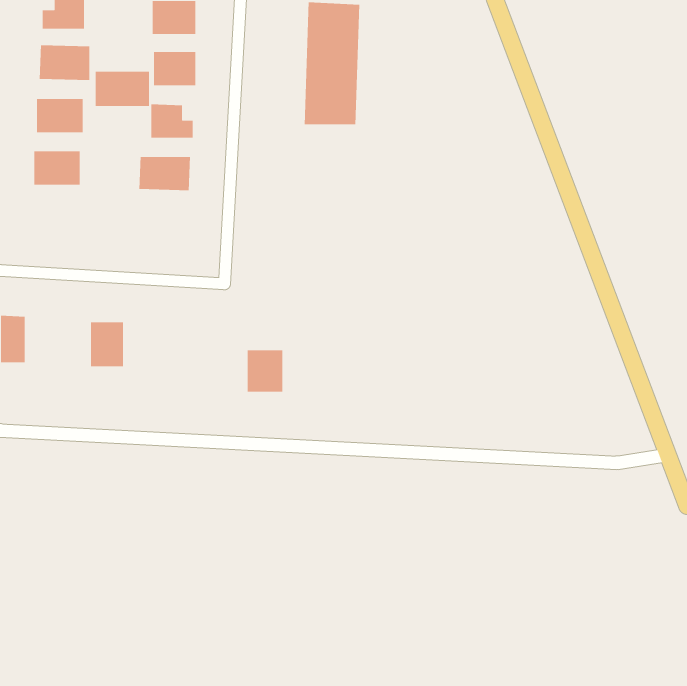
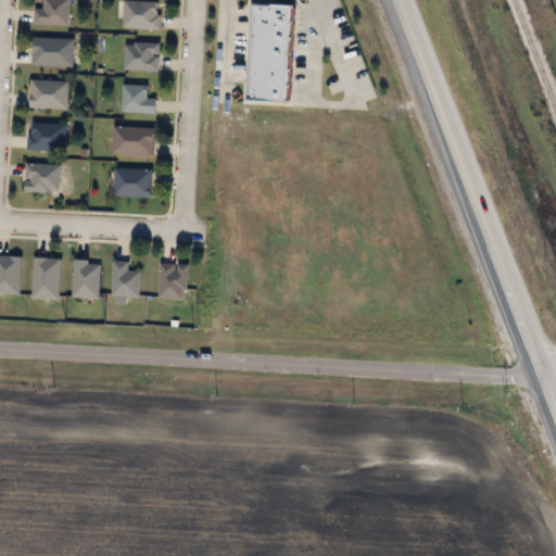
building: [95,71,150,107] -> none
building: none -> [25,163,60,191]
building: none -> [114,167,152,197]
building: none -> [33,257,60,298]
building: none -> [113,260,140,302]
building: [247,350,283,393] -> [159,263,188,298]

